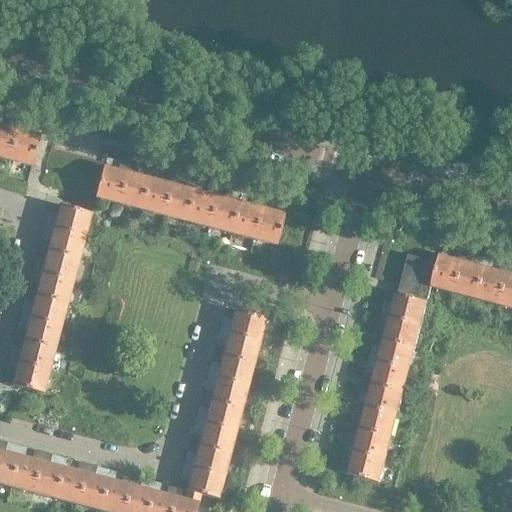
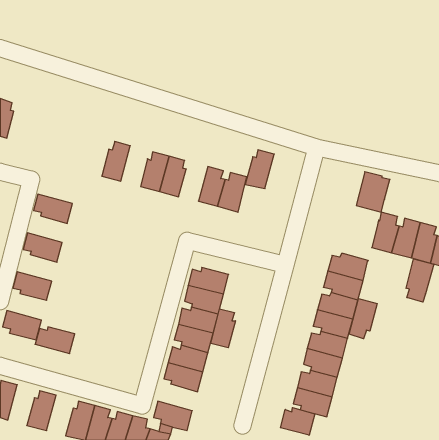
building: [10,121,43,167] -> none
building: [96,157,128,204] -> none
building: [142,169,173,216] -> none
building: [209,188,243,233] -> [245,150,274,189]
building: [46,205,92,236] -> none
building: [34,250,80,281] -> none
building: [400,255,439,302] -> [356,172,390,212]
building: [22,295,68,326] -> none
building: none -> [406,259,434,302]
building: [10,340,56,371] -> [35,327,75,354]
building: none -> [349,298,377,339]
building: none -> [211,309,235,348]
building: [185,445,231,476] -> none
building: [11,446,42,493] -> none
building: [56,458,87,505] -> none
building: none -> [280,408,315,435]

